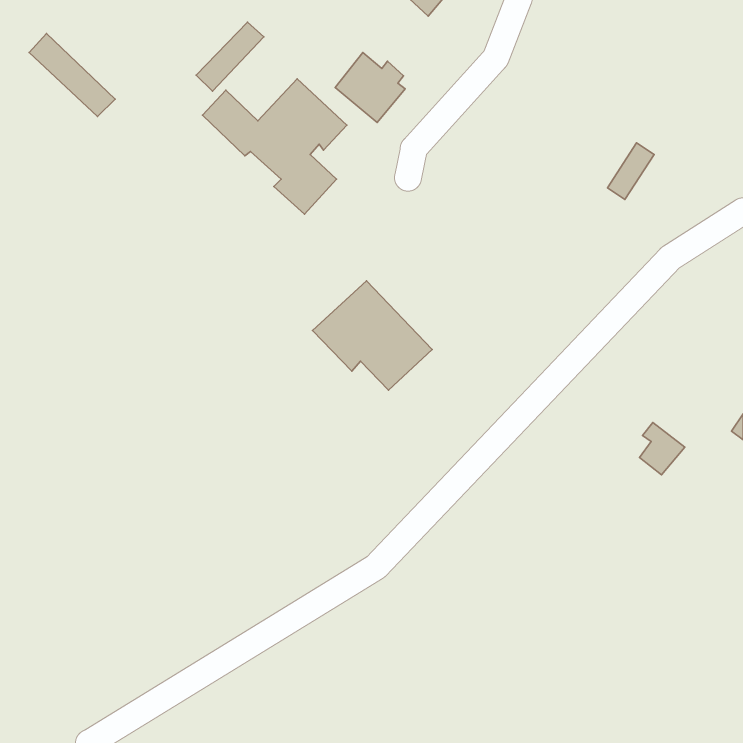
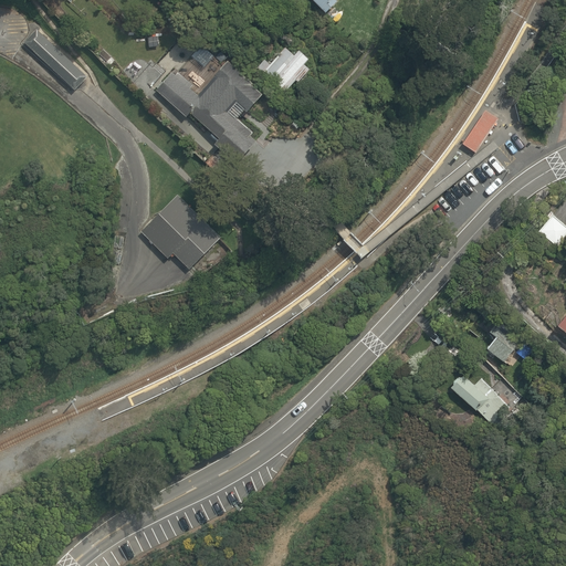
building: [196,22,264,91] -> none
building: [313,281,432,390] -> [138,193,229,276]
building: none -> [449,374,509,426]

